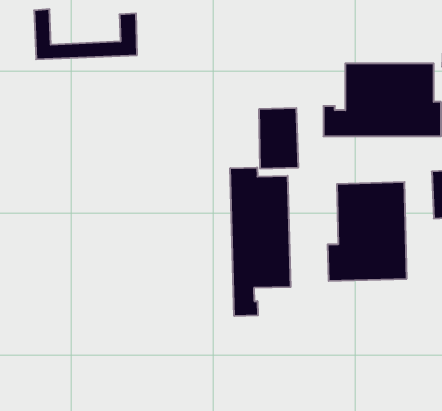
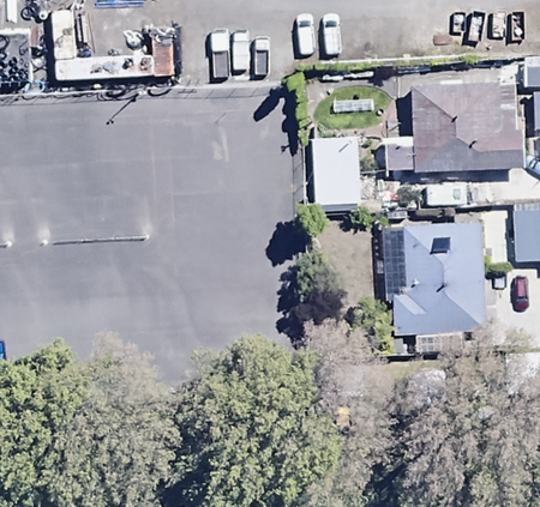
building: [230,167,291,316] -> none

